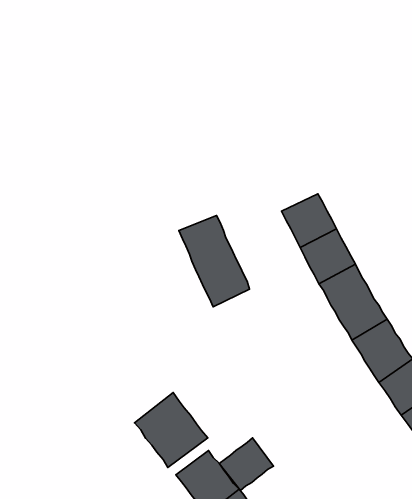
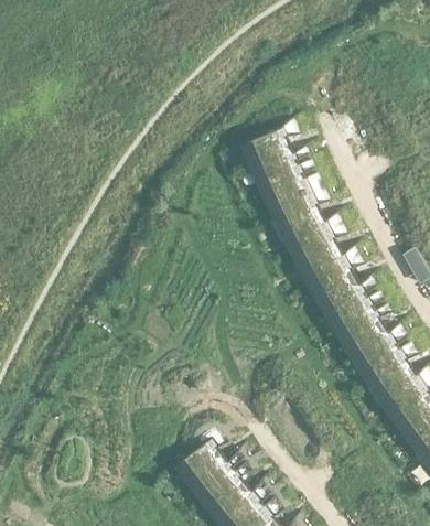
building: [179,215,249,307] -> [251,130,318,216]
building: [134,393,208,468] -> none
building: [219,438,274,491] -> none

